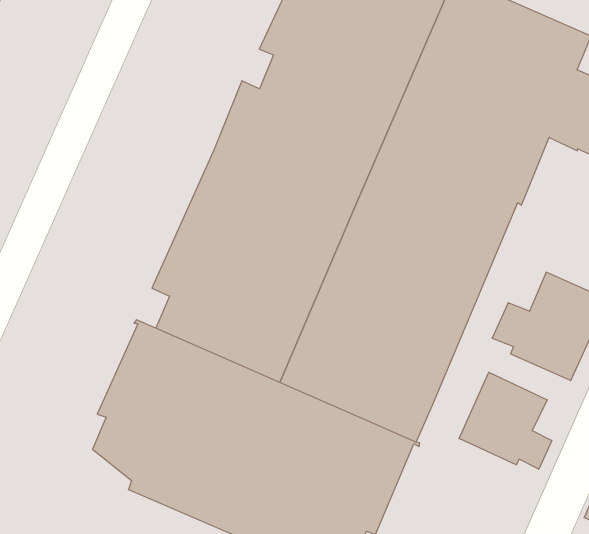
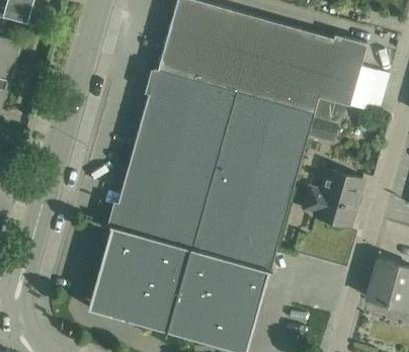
building: none -> [310,97,339,143]
building: [459,372,552,469] -> none

